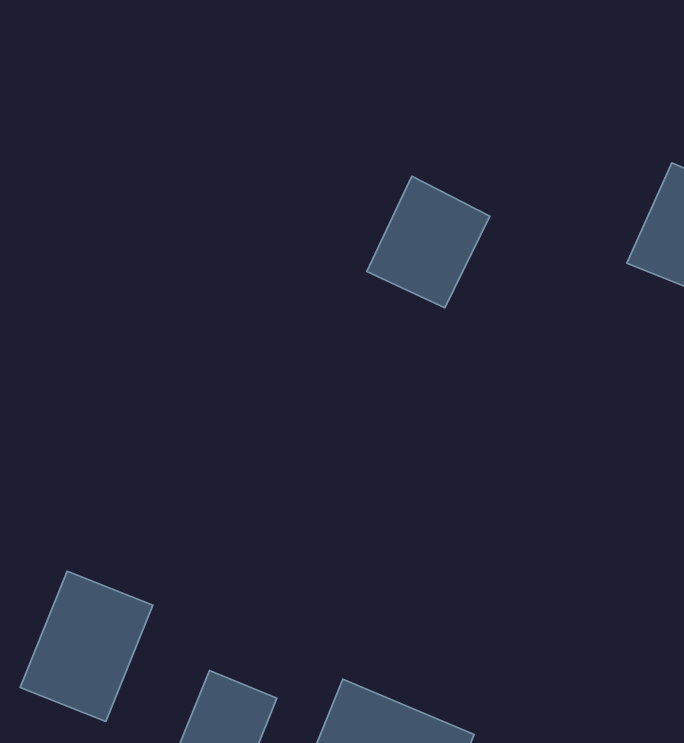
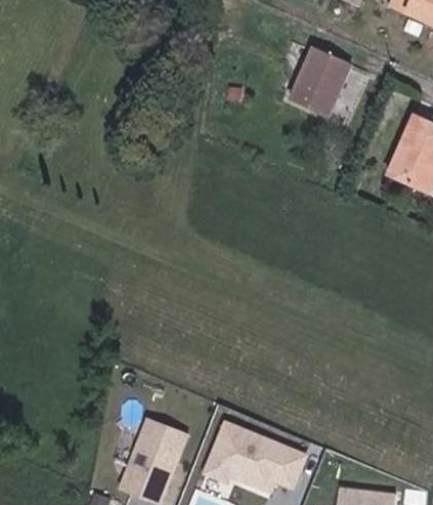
building: [367,176,490,308] -> [284,42,356,120]
building: [20,571,153,722] -> none

